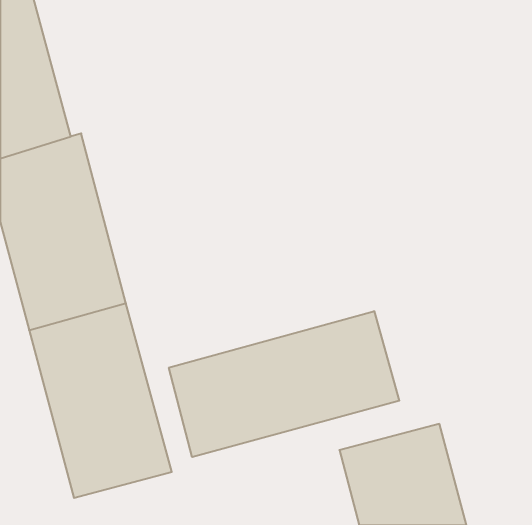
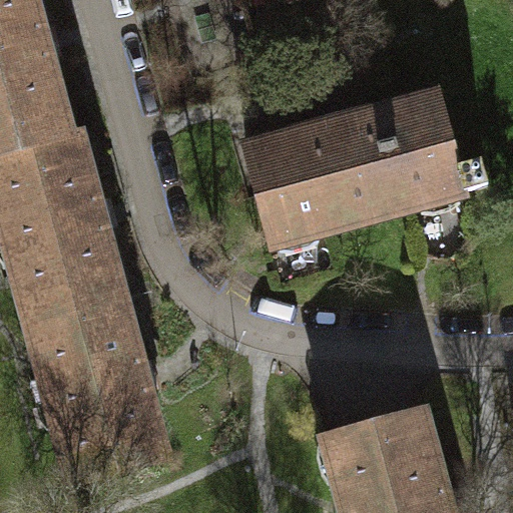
building: none -> [247,90,489,239]
building: [169,311,399,457] -> none

